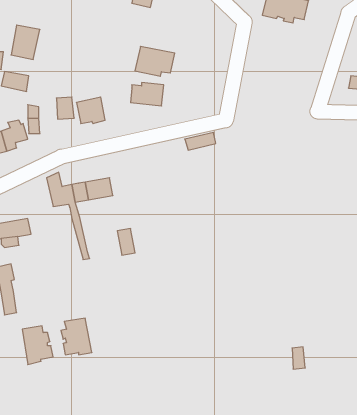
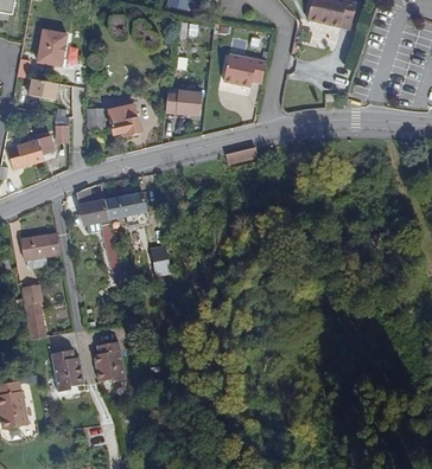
building: [135,46,175,76] -> [224,52,267,84]

